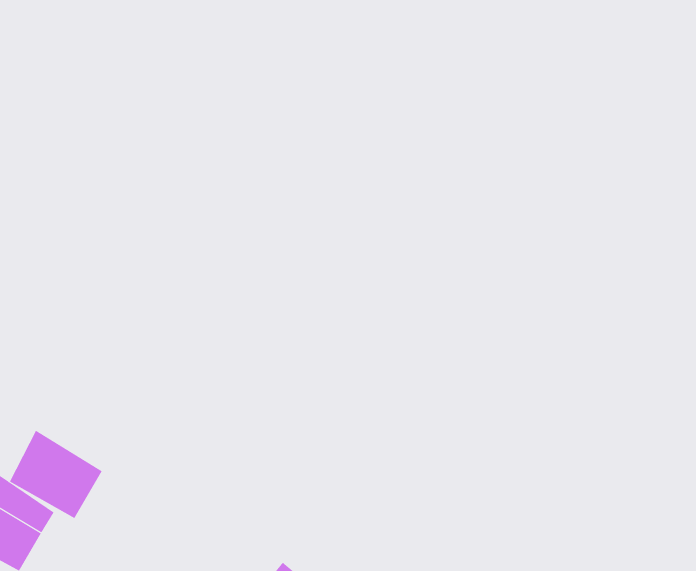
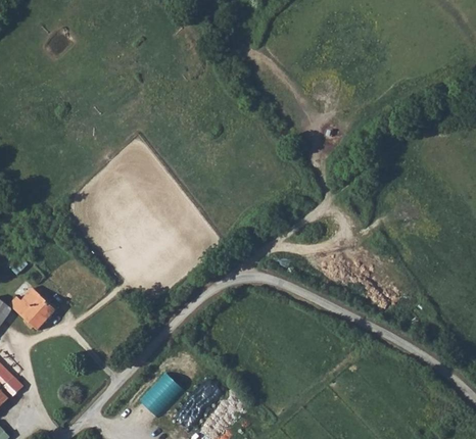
building: [9,430,102,519] -> none

